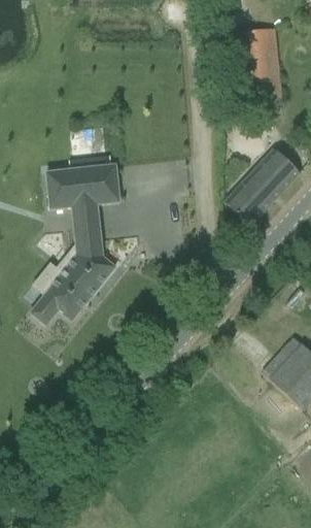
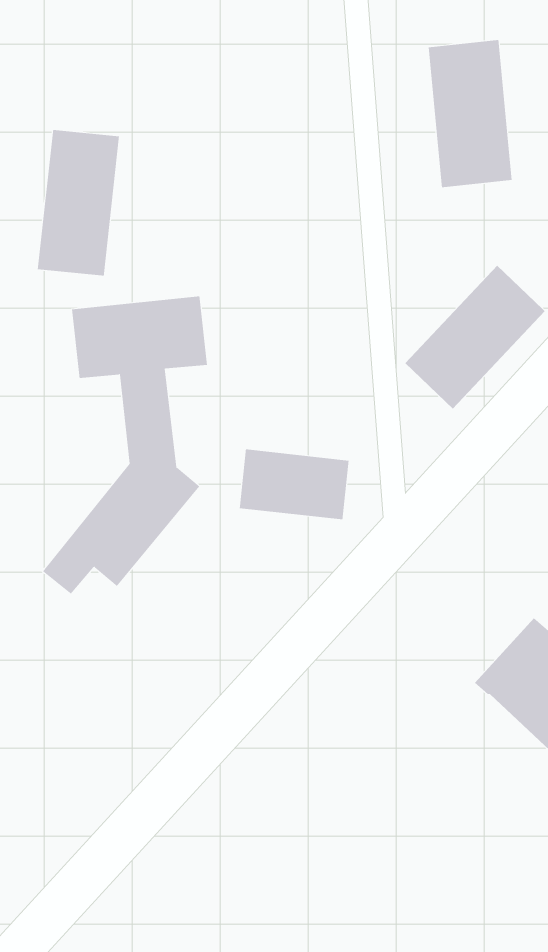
building: none -> [37,129,120,277]
building: none -> [239,449,349,520]

